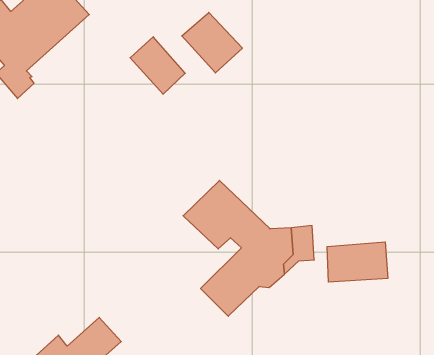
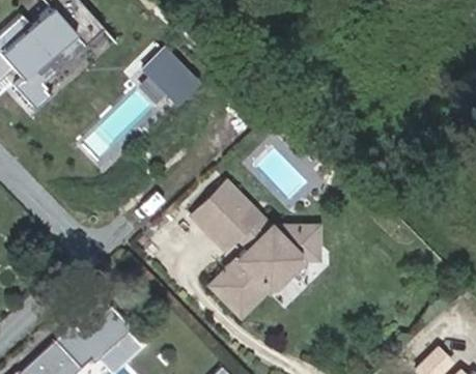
building: [182,12,242,73] -> none
building: [327,242,388,282] -> none

